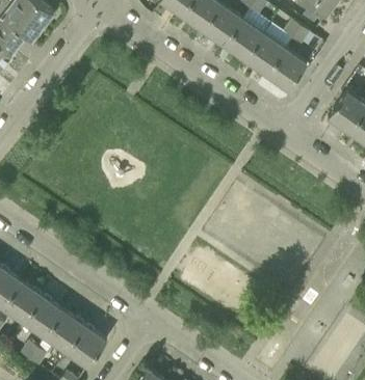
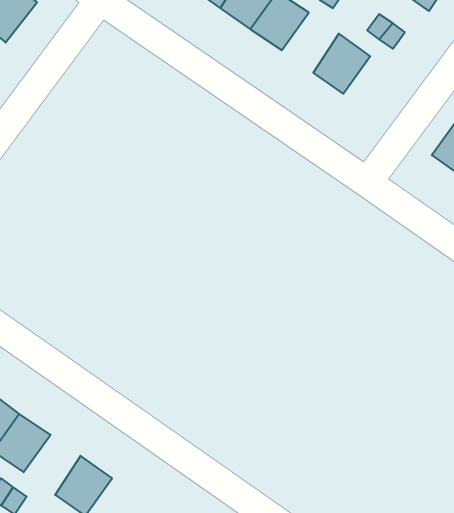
building: [224,19,263,60] -> none
building: [266,49,307,90] -> none
building: [45,310,84,352] -> none

